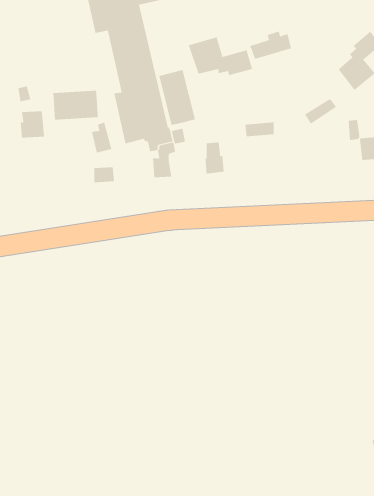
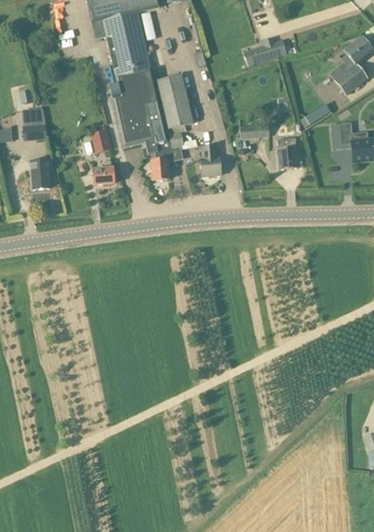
building: [188,36,253,76] -> none
building: [53,90,98,120] -> none
building: none -> [278,138,299,168]
building: none -> [31,160,52,189]

